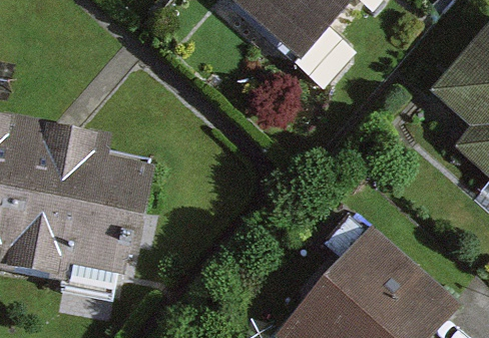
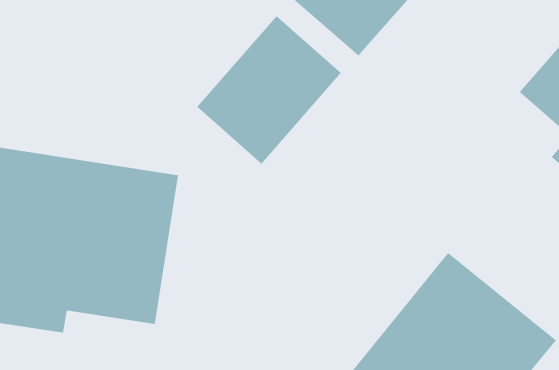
building: none -> [196,15,342,164]

